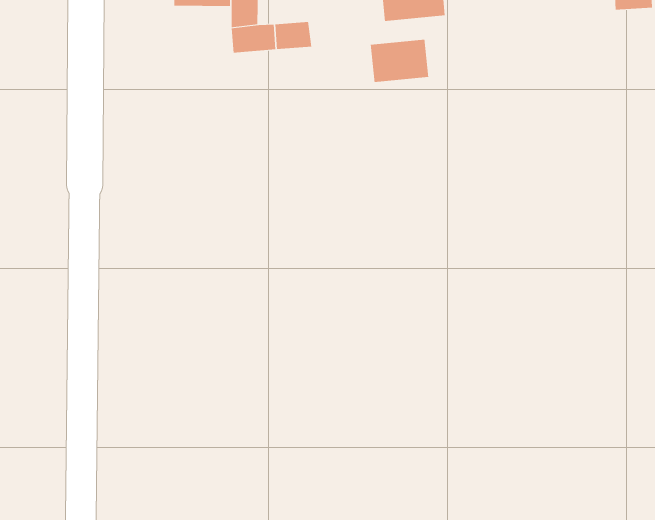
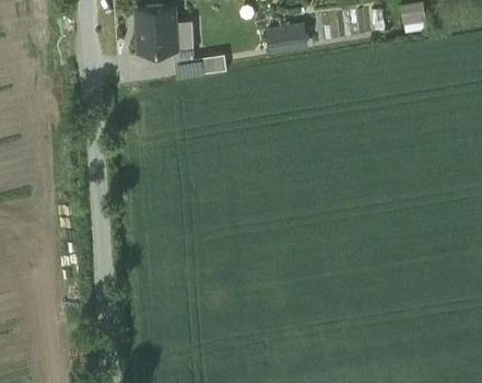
building: [370,39,429,83] -> none

